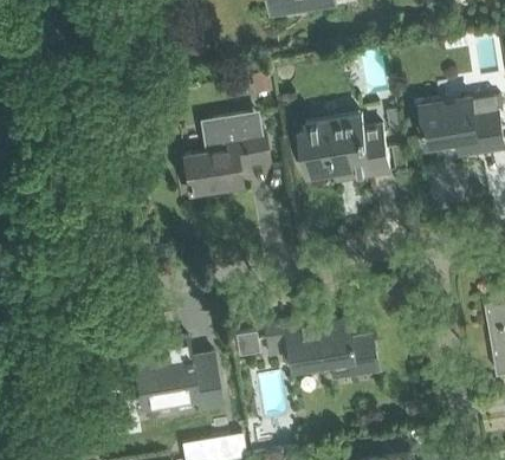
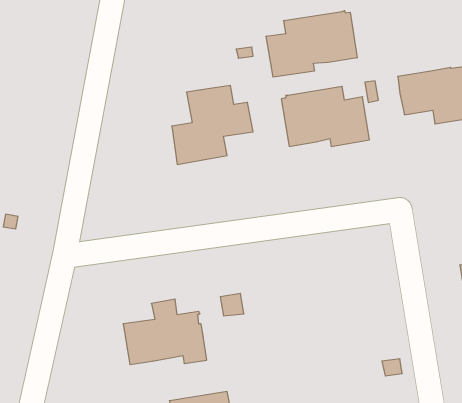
building: none -> [266,11,357,77]
building: [263,318,376,380] -> none

